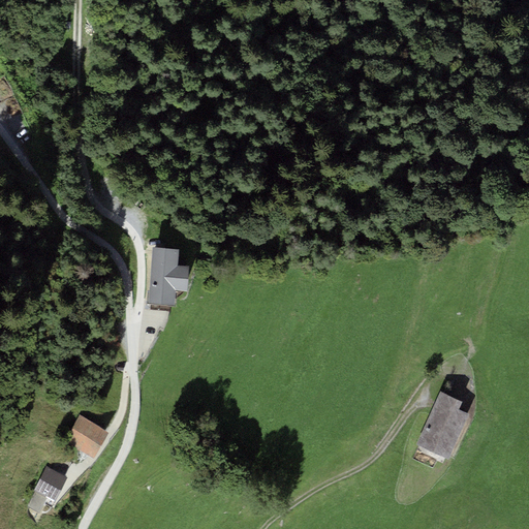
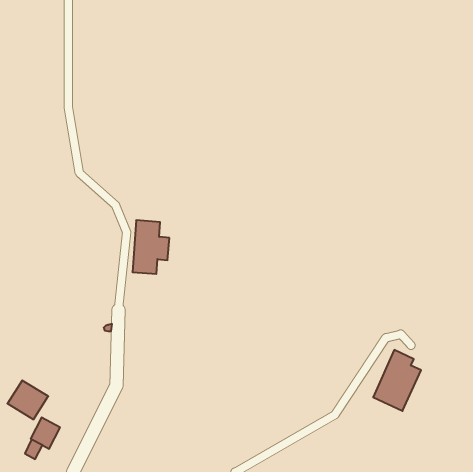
building: [63,414,108,458] -> [7,380,48,419]

